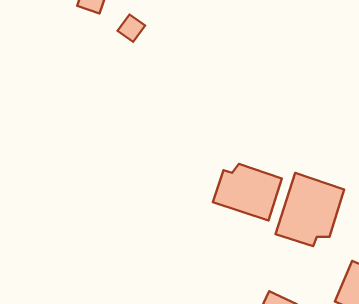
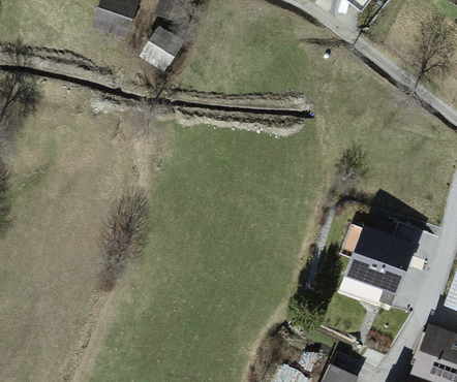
building: [213,164,282,220] -> none

